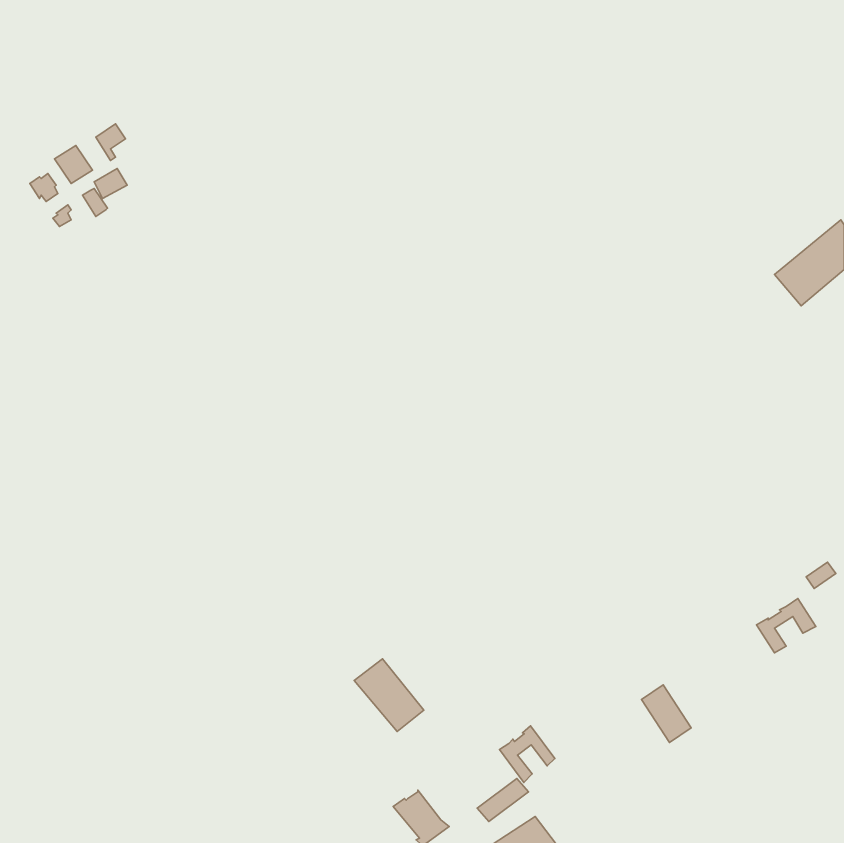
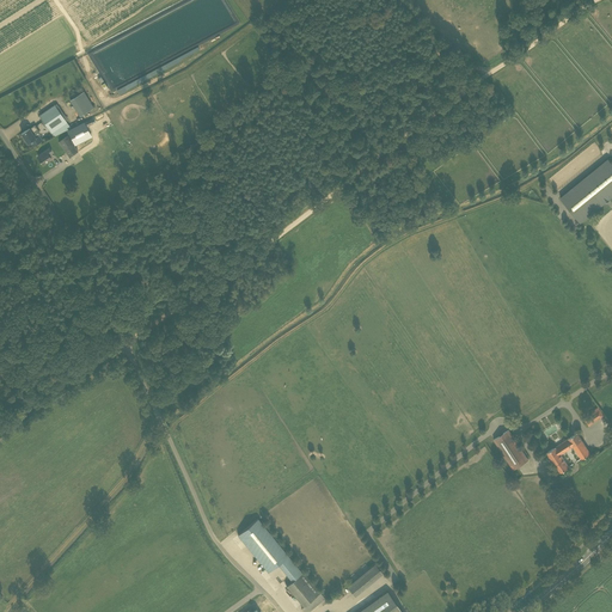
building: [354,659,424,732] -> [238,520,288,573]
building: [642,685,691,743] -> [494,429,530,471]
building: [499,726,555,782] -> none

